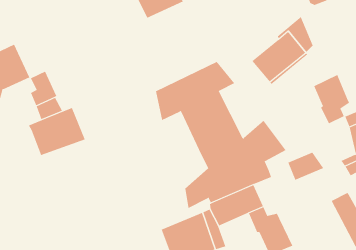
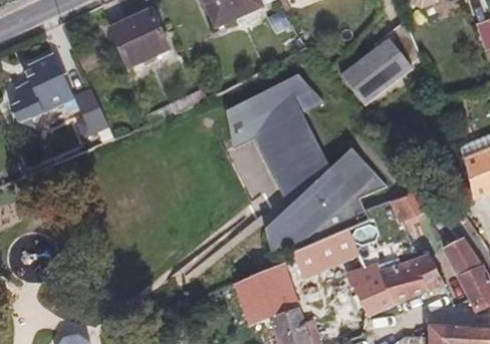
building: none -> [111,10,167,65]
building: [313,74,350,124] -> none
building: [28,107,85,156] -> none
building: none -> [380,255,444,303]

